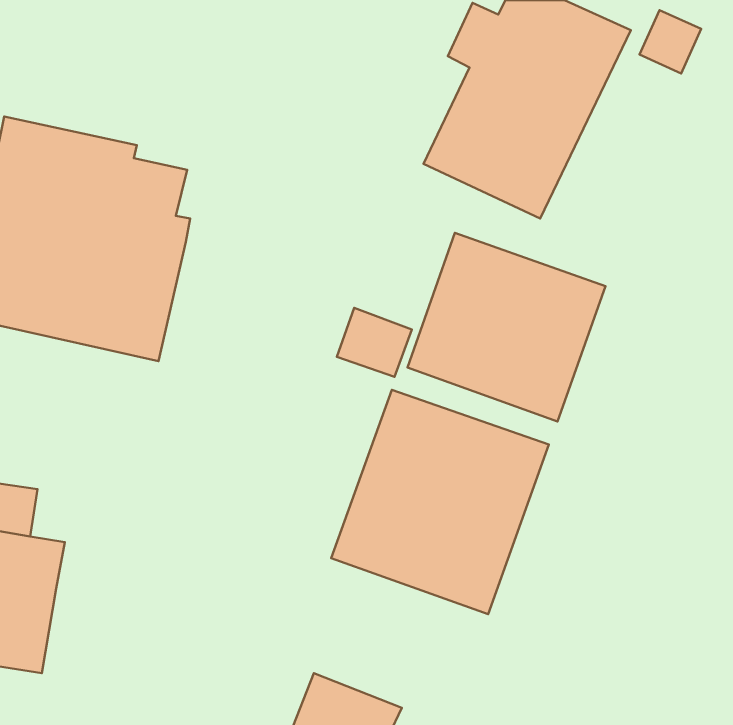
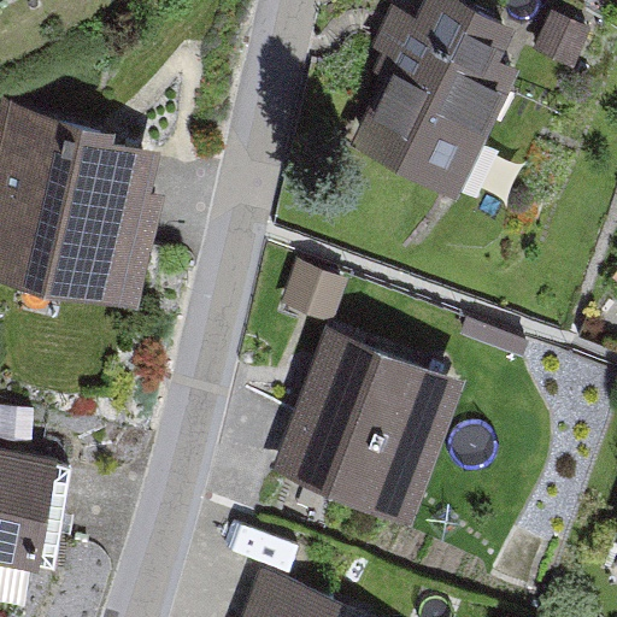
building: [408,233,606,422] -> none

